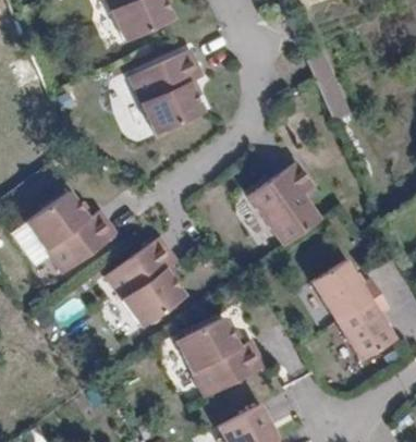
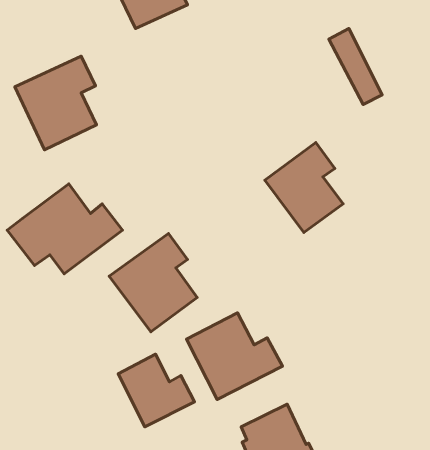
building: [135,57,210,143] -> [15,56,97,150]
building: [308,256,391,355] -> none
building: none -> [118,354,194,427]

